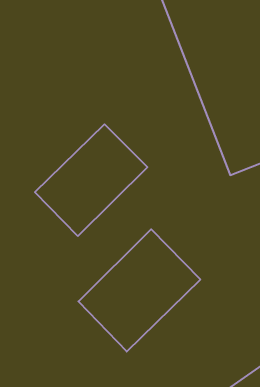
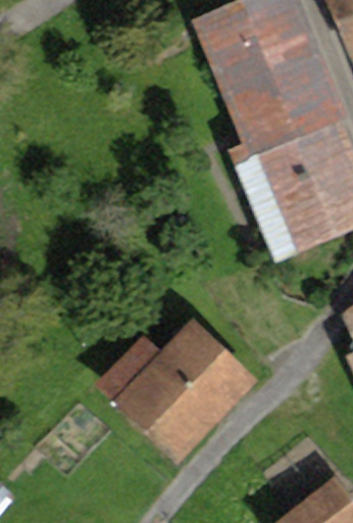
building: [35,124,147,236] -> none

